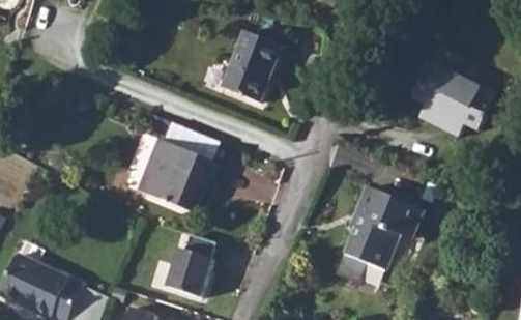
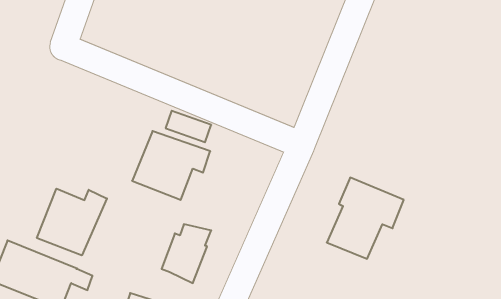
building: [227,29,286,100] -> none
building: [406,58,490,136] -> none
building: none -> [37,189,107,255]

